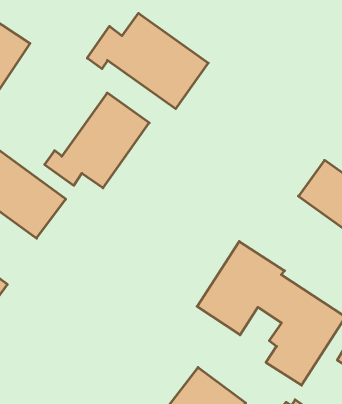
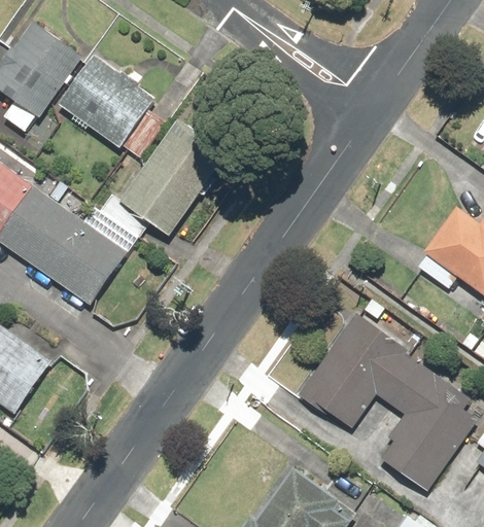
building: [87,13,208,109] -> none
building: none -> [60,57,163,156]

